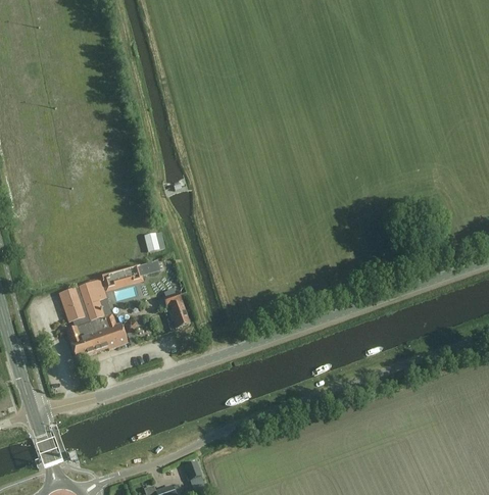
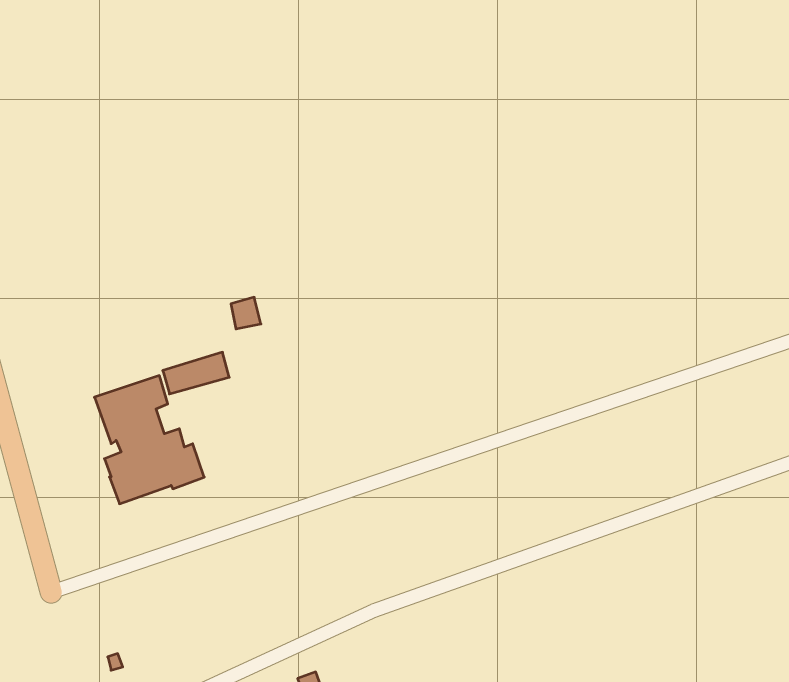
building: [163,292,190,327] -> none

